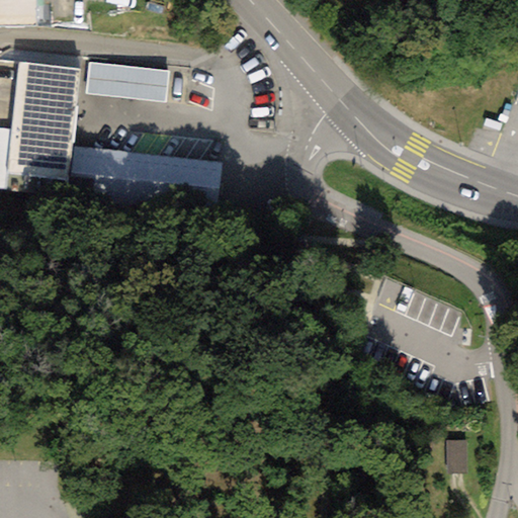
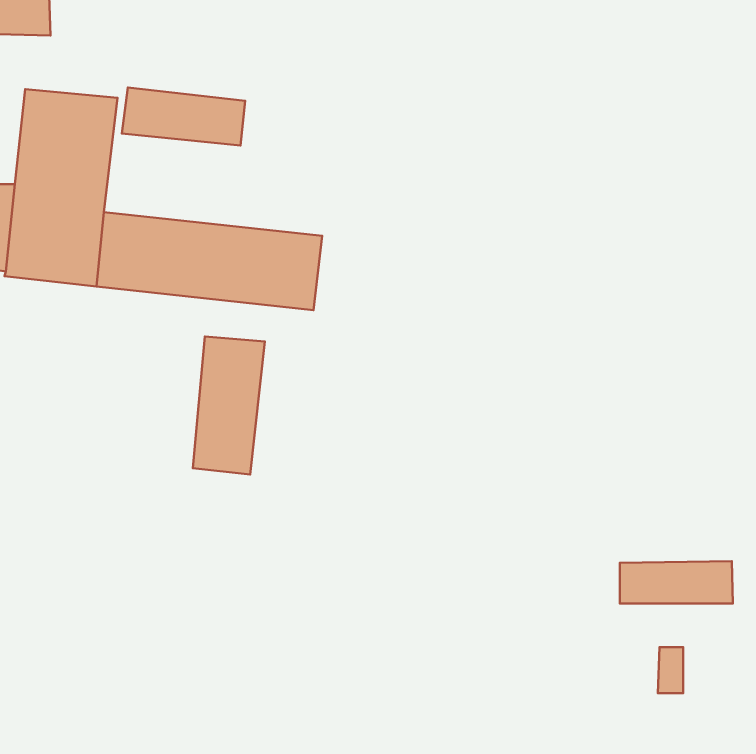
building: none -> [193,336,265,474]
building: none -> [620,561,733,604]

